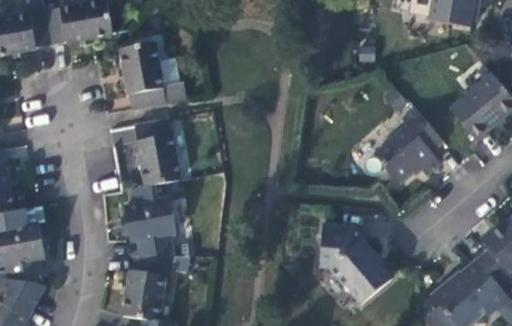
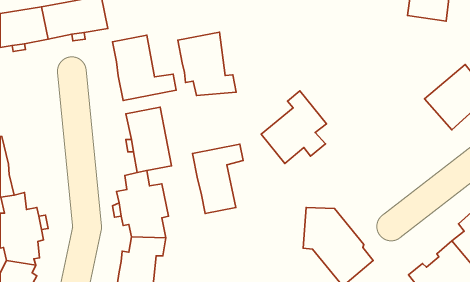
building: none -> [178,32,236,95]
building: [374,106,443,183] -> [261,91,326,164]
building: none -> [192,144,243,214]

